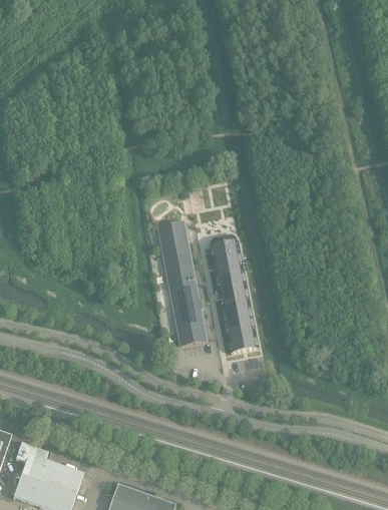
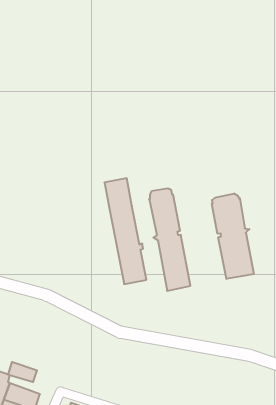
building: none -> [212,193,254,279]
building: none -> [8,362,37,382]

